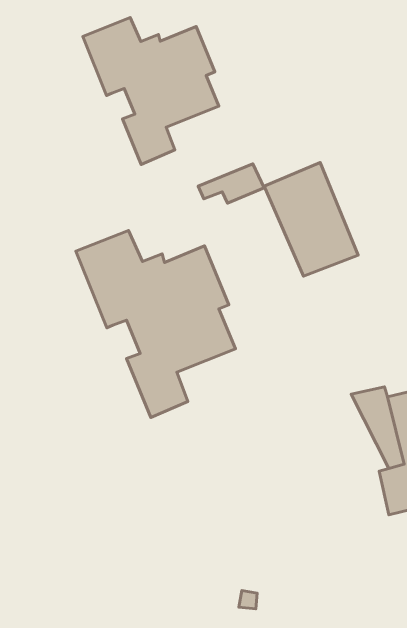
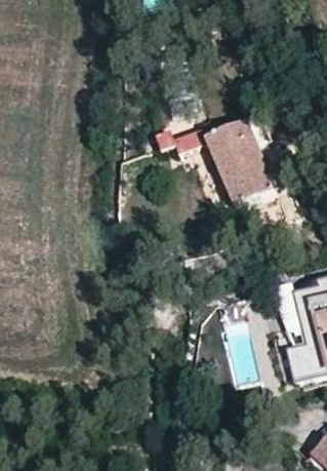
building: [83,18,219,164] -> none
building: [76,230,235,418] -> none

